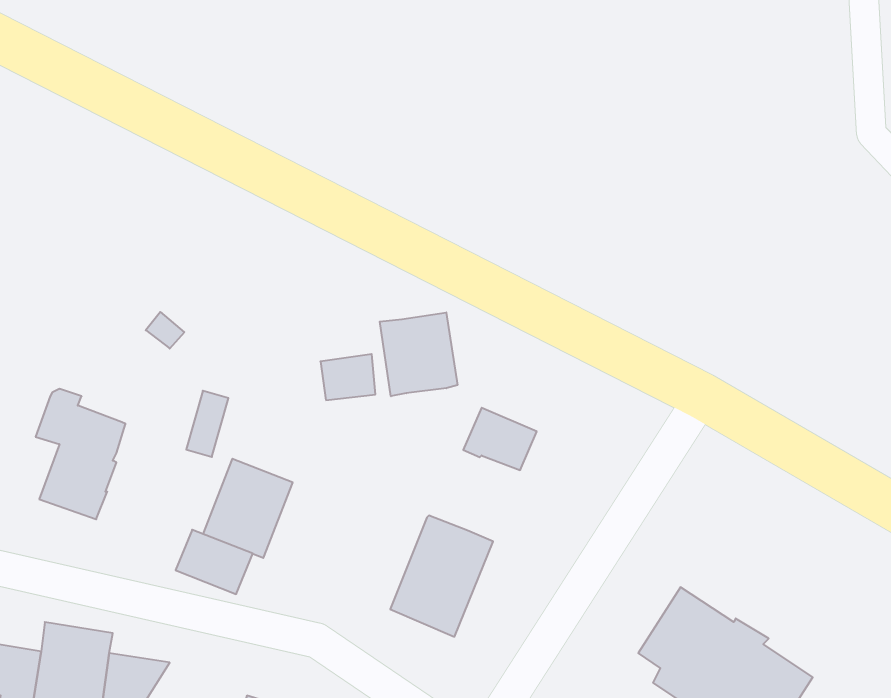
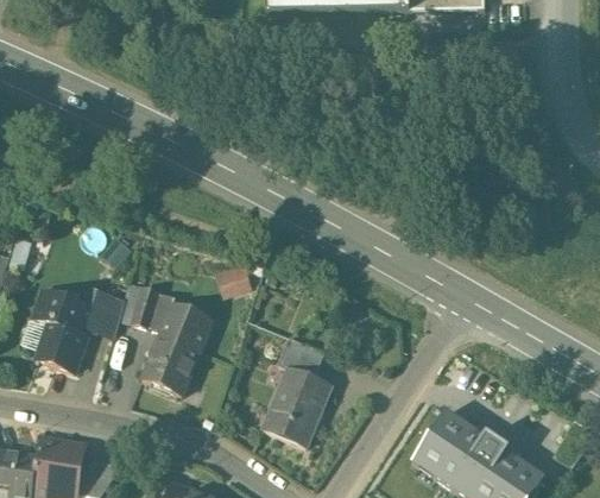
building: [380,312,457,396] -> none
building: none -> [86,291,122,338]
building: [463,408,537,470] -> [276,338,323,378]
building: [176,530,253,594] -> [160,305,210,347]

